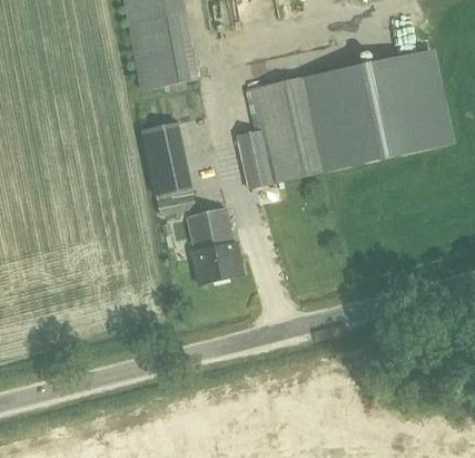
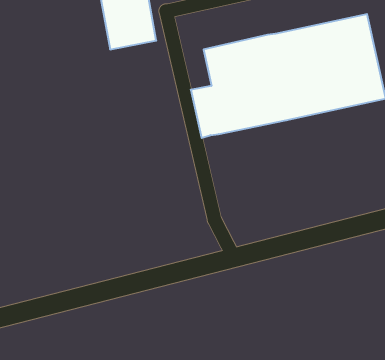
building: [142,123,189,196] -> none
building: [186,208,241,283] -> none

